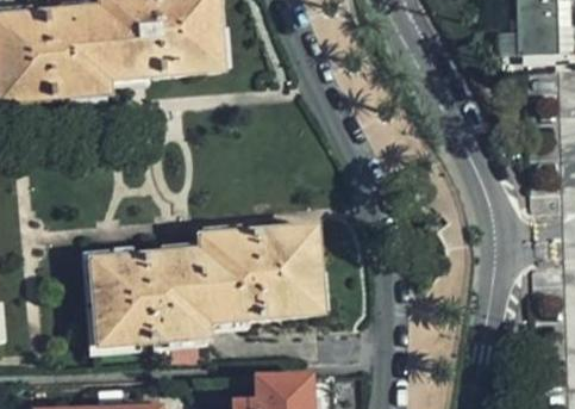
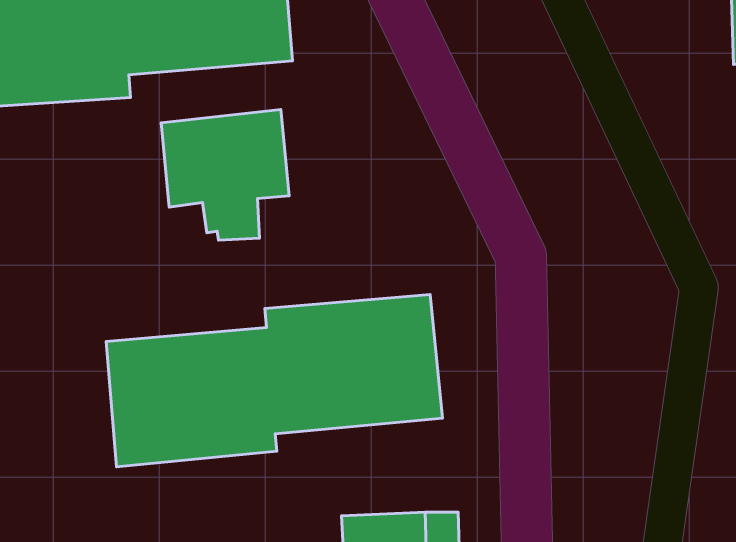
building: none -> [161,110,289,240]

